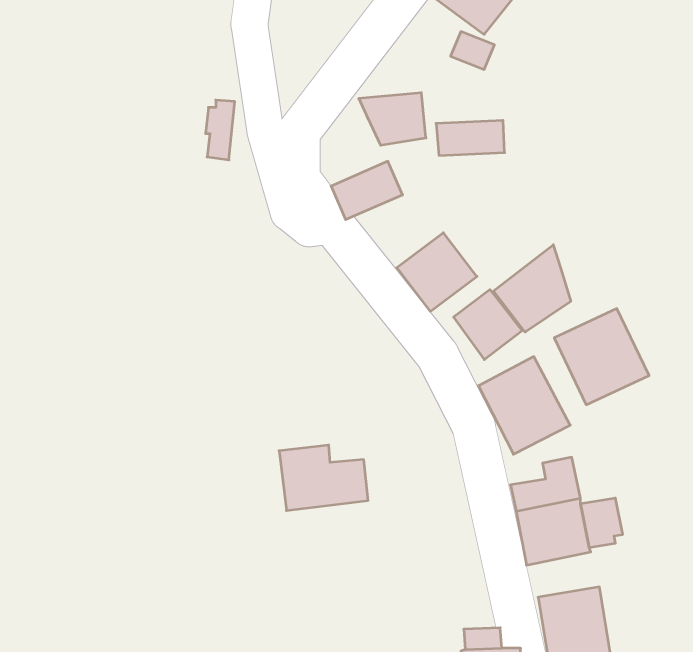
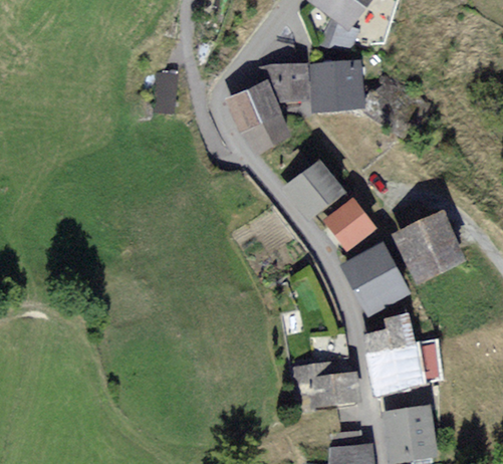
building: none -> [313,62,360,85]
building: none -> [229,81,281,129]
building: [494,245,571,332] -> none
building: [279,445,368,511] -> [294,364,355,409]

